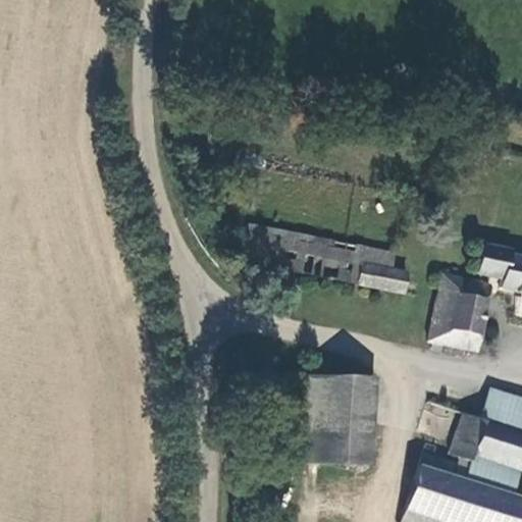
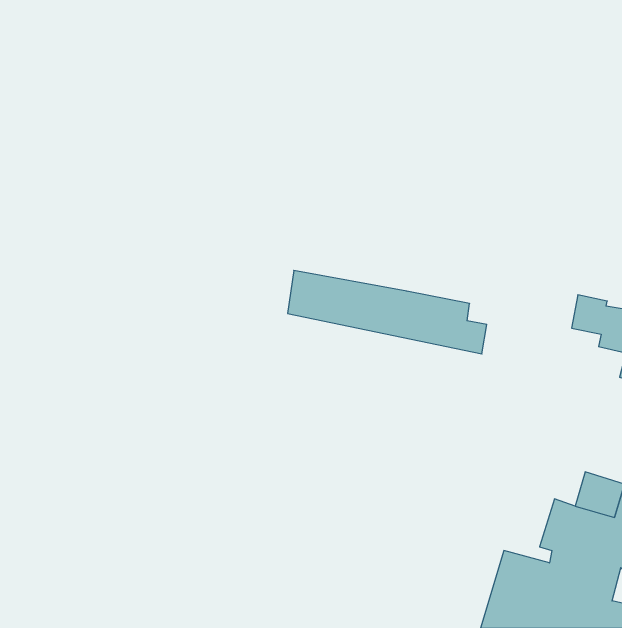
building: [429,274,492,351] -> none
building: [306,373,375,470] -> none

